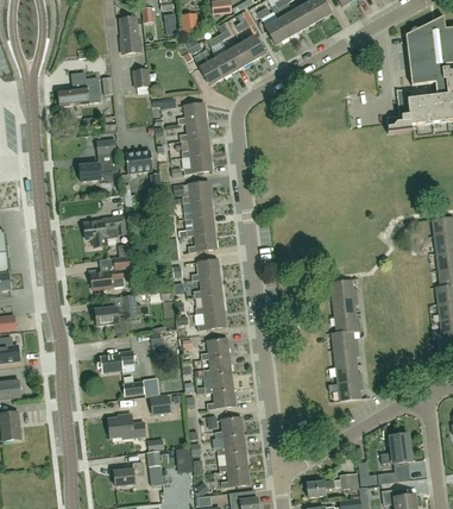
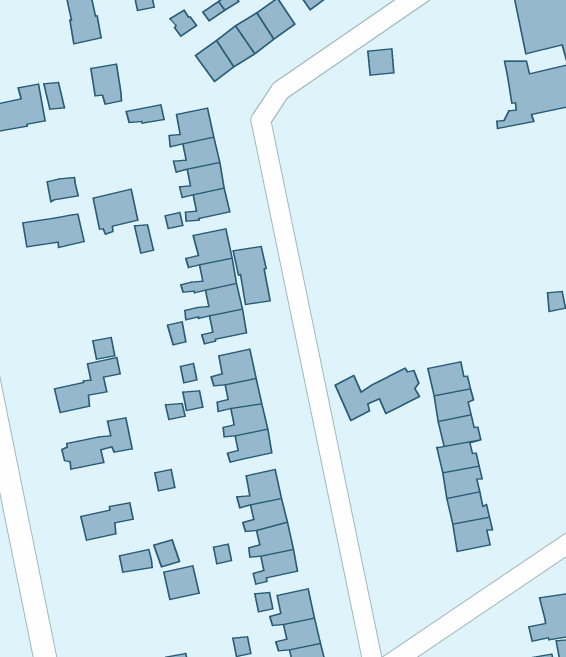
building: none -> [233,246,270,304]
building: [84,216,127,247] -> none
building: none -> [335,368,419,420]
building: [107,414,145,439] -> none

